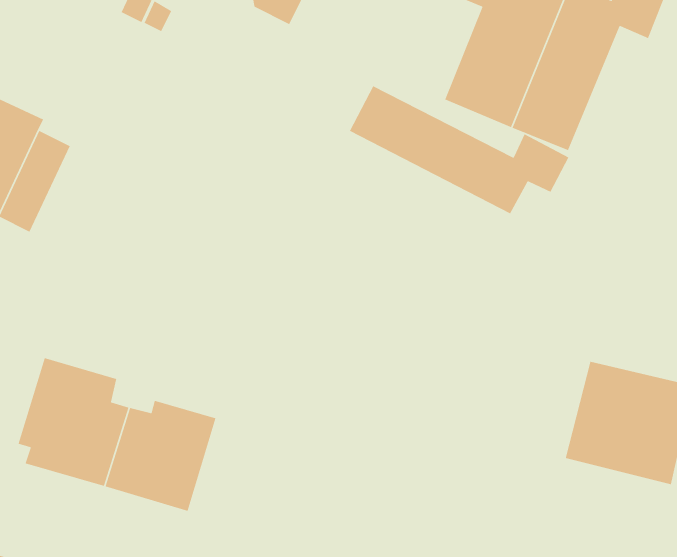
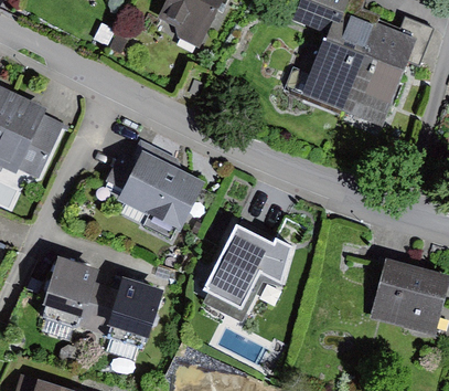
building: [349,85,570,215] -> none
building: none -> [118,149,206,239]
building: none -> [204,218,308,320]

